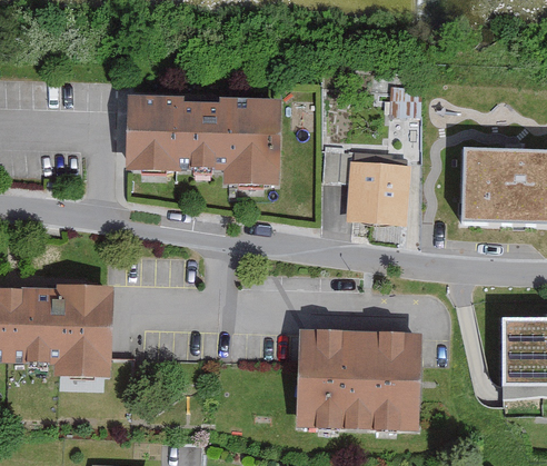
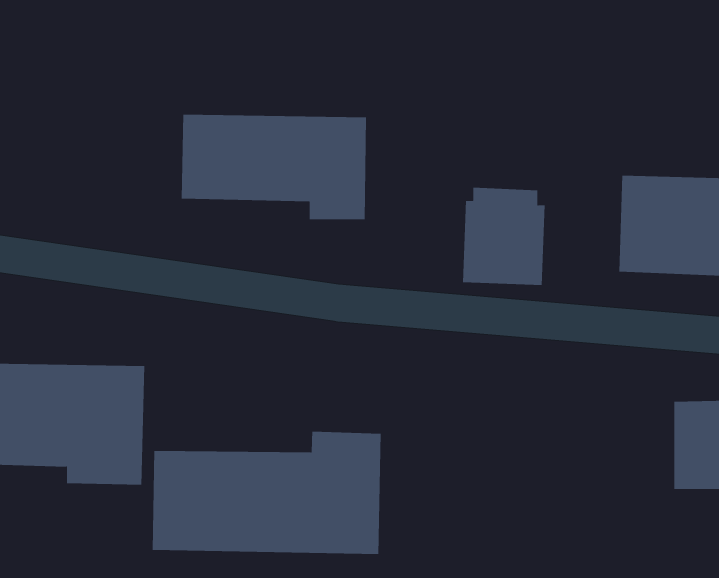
building: [295,334,416,429] -> none
building: none -> [152,431,381,555]

